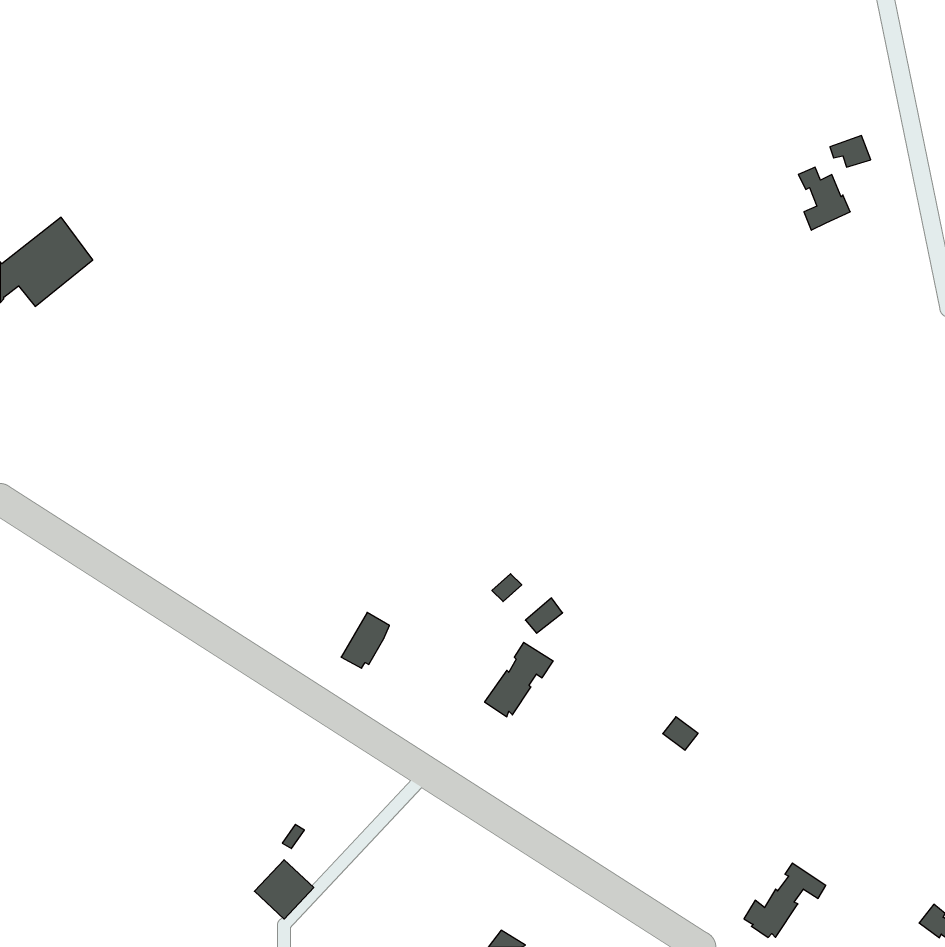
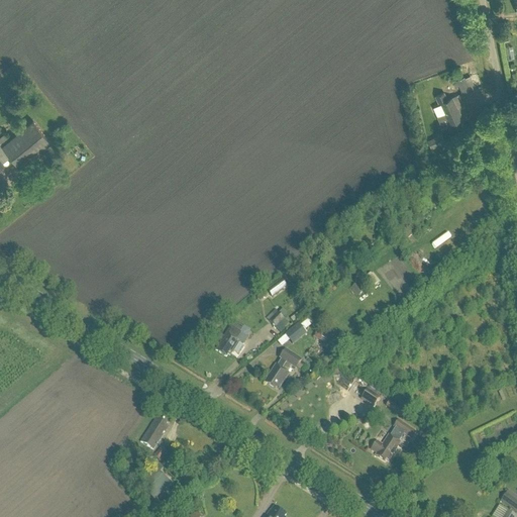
building: [341,612,389,668] -> [217,326,243,356]
building: none -> [142,416,170,449]
building: [744,863,826,937] -> [373,420,417,460]

